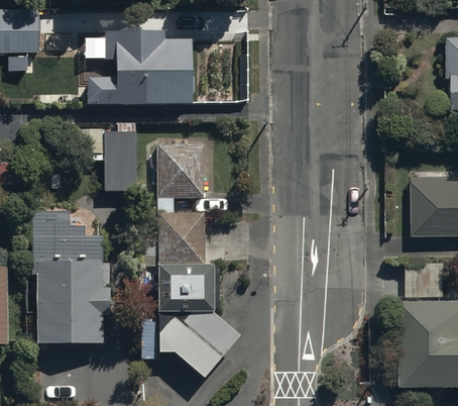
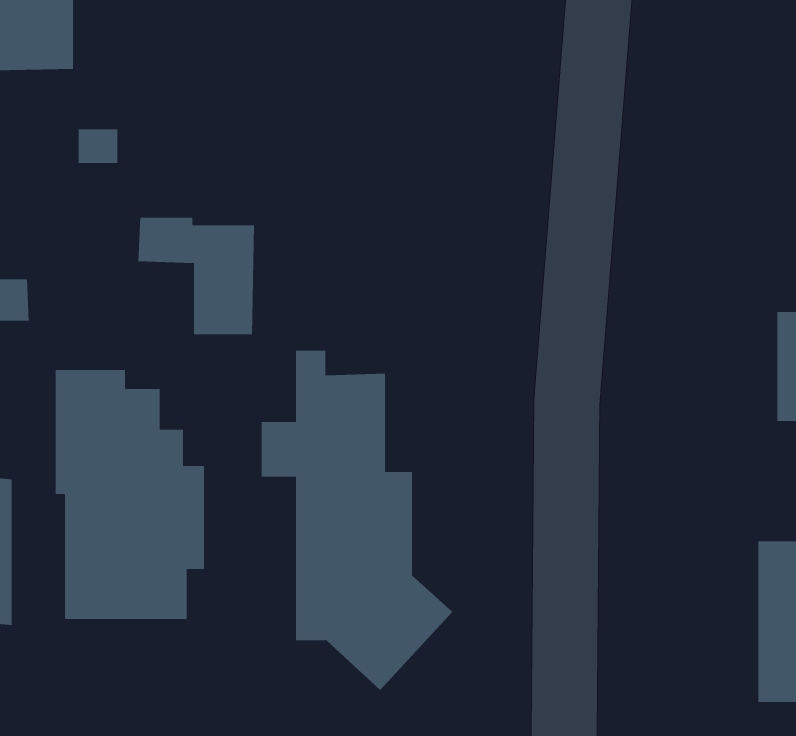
building: [87,29,192,104] -> none
building: [156,144,213,199] -> none

